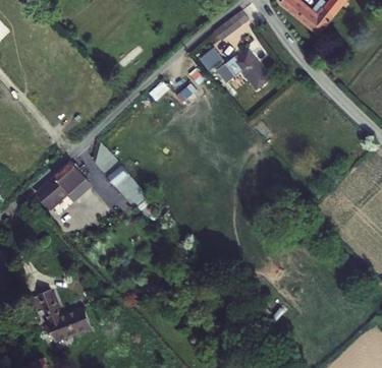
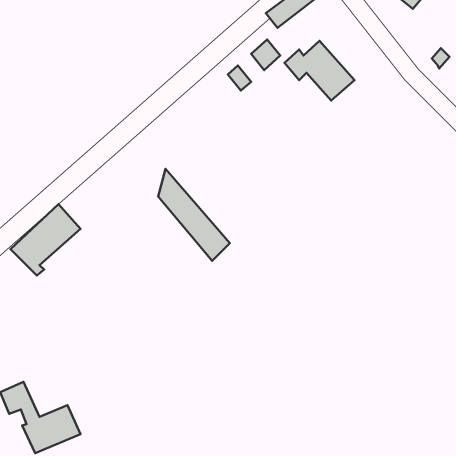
building: [96,145,146,209] -> [158,169,230,261]

